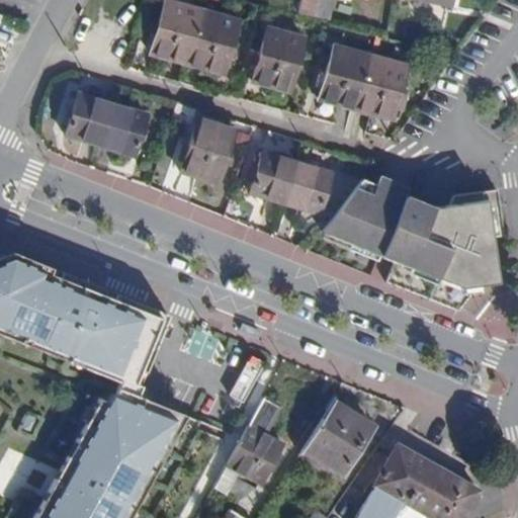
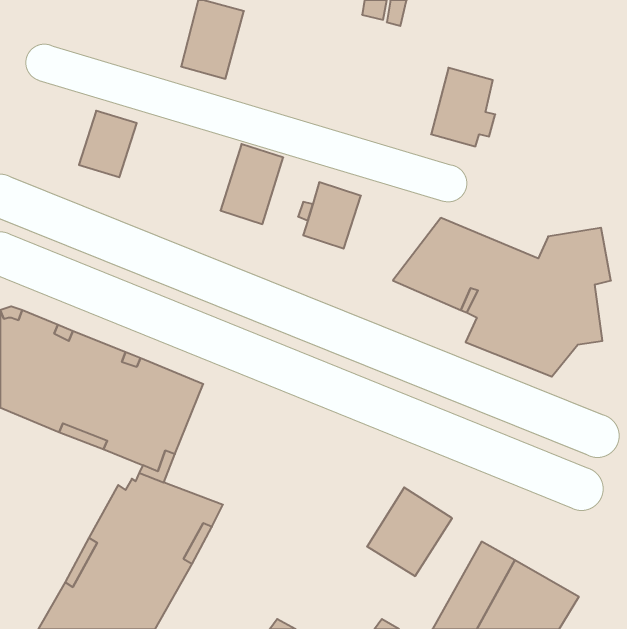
building: [187,9,239,74] -> none
building: [254,27,305,92] -> none
building: [319,45,370,110] -> none
building: [100,101,147,157] -> none
building: [284,161,332,214] -> none
building: [214,398,284,496] -> none

